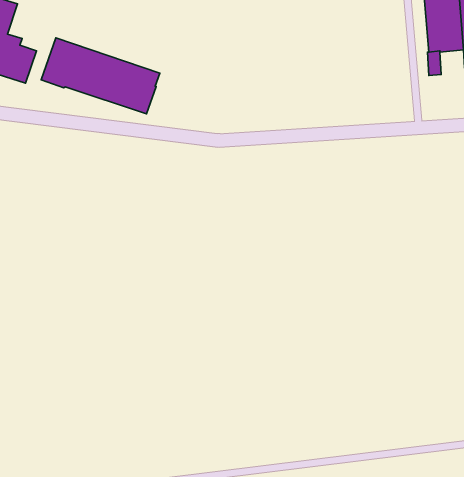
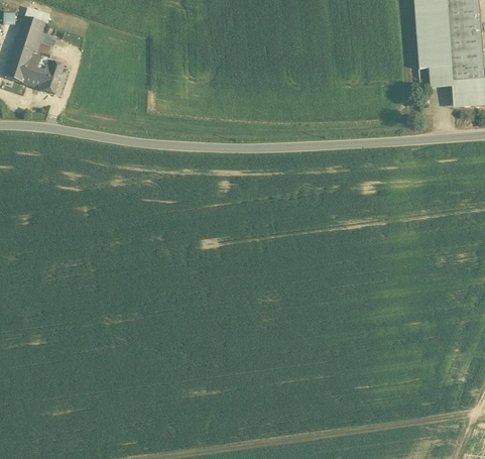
building: [41,38,160,114] -> none

